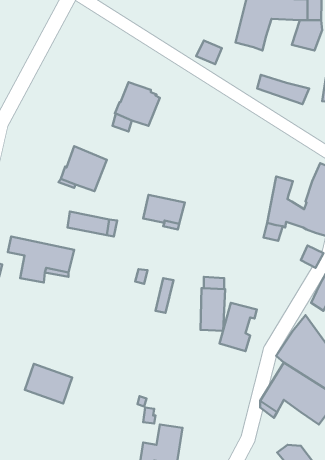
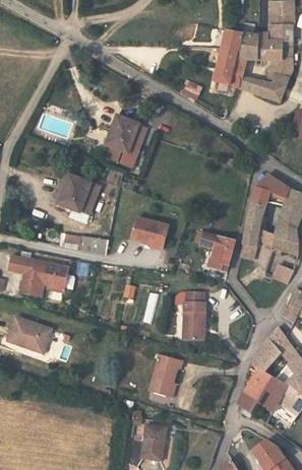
building: [257,75,309,104] -> [238,75,285,102]
building: none -> [250,174,290,205]
building: none -> [199,231,234,270]
building: [220,303,257,351] -> [148,354,182,398]
building: [25,364,72,403] -> [7,317,50,352]

